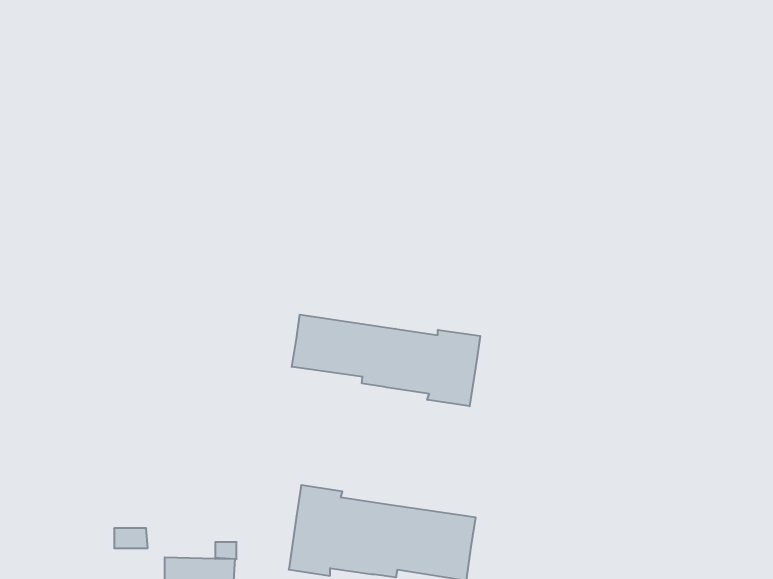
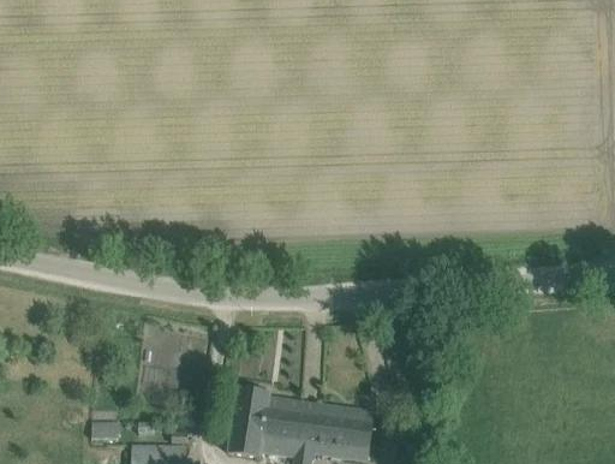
building: [292,315,480,406] -> none

